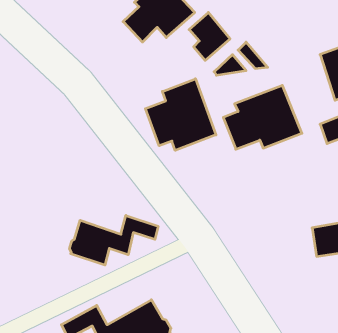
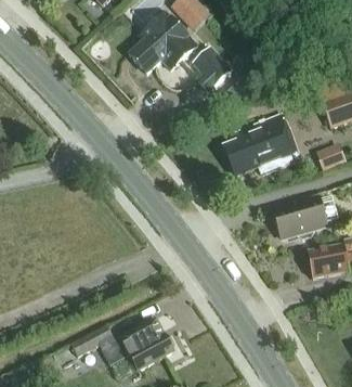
building: [145,79,216,150] -> none
building: none -> [274,197,327,238]
building: [70,215,158,265] -> none

